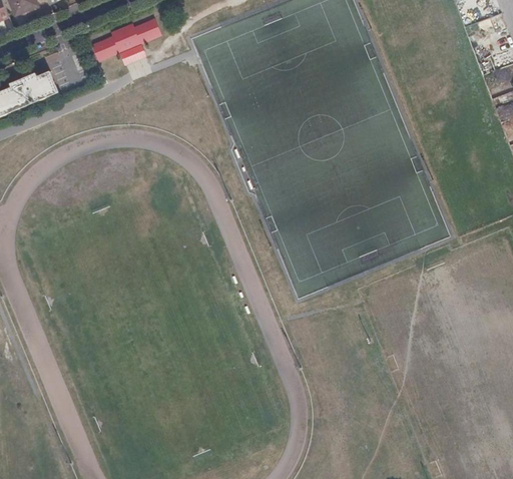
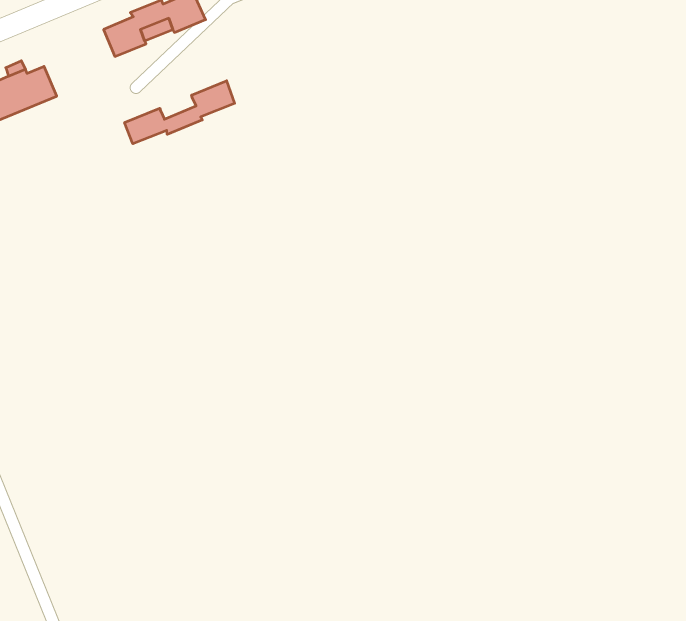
building: none -> [125,81,235,144]

